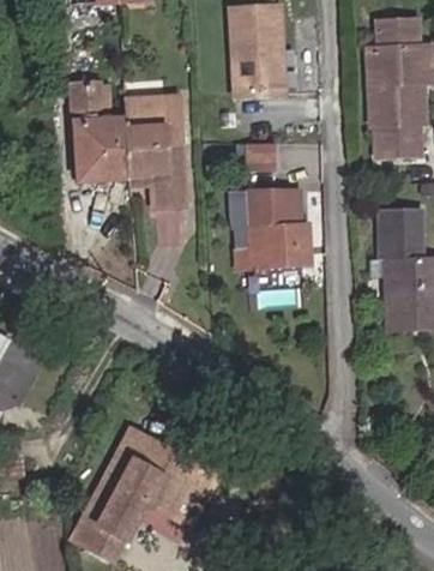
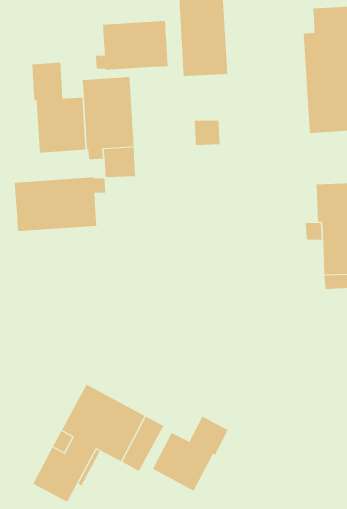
building: none -> [95,20,168,71]
building: [229,191,311,269] -> none
building: none -> [14,177,106,232]
building: none -> [152,416,228,491]

